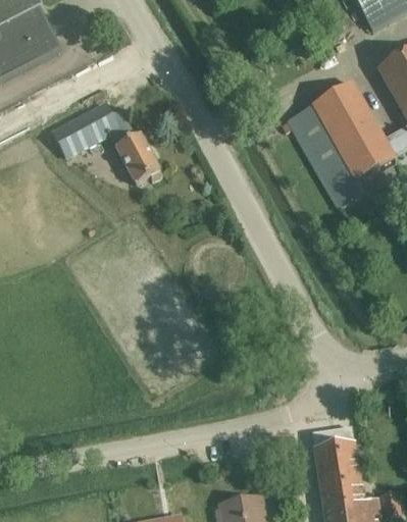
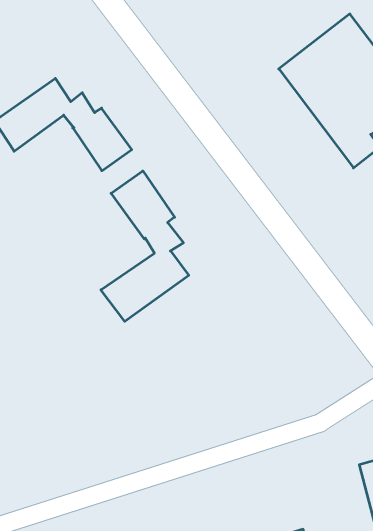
building: none -> [101,171,189,321]

